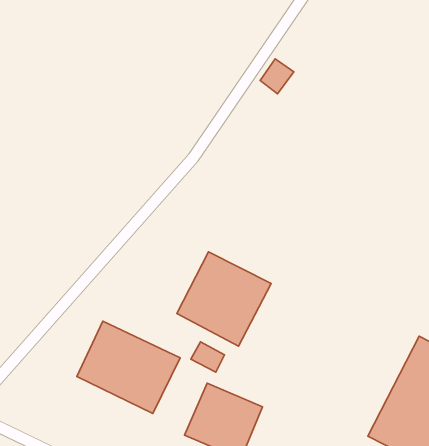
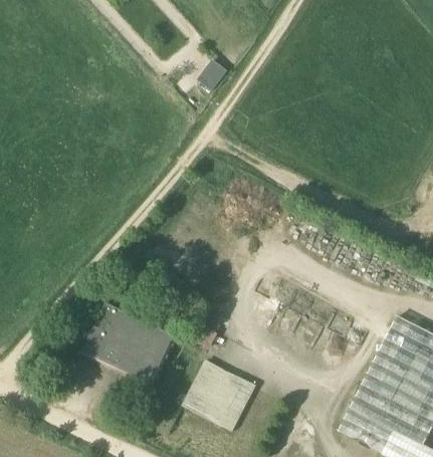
building: [260,59,294,94] -> [194,57,225,89]
building: [177,252,271,346] -> none

